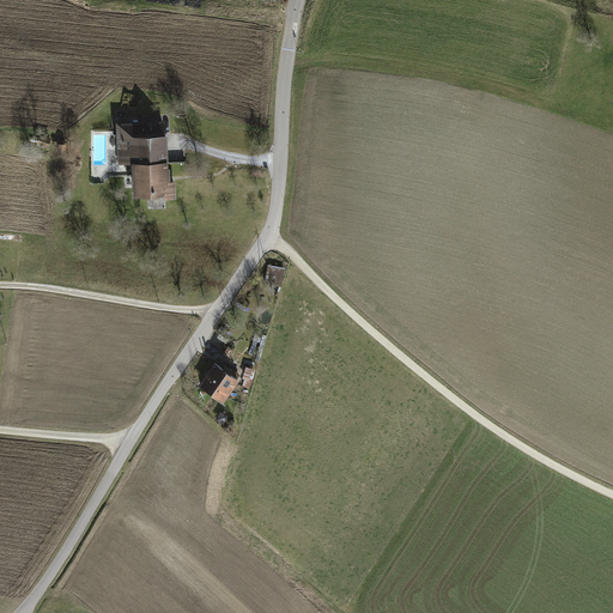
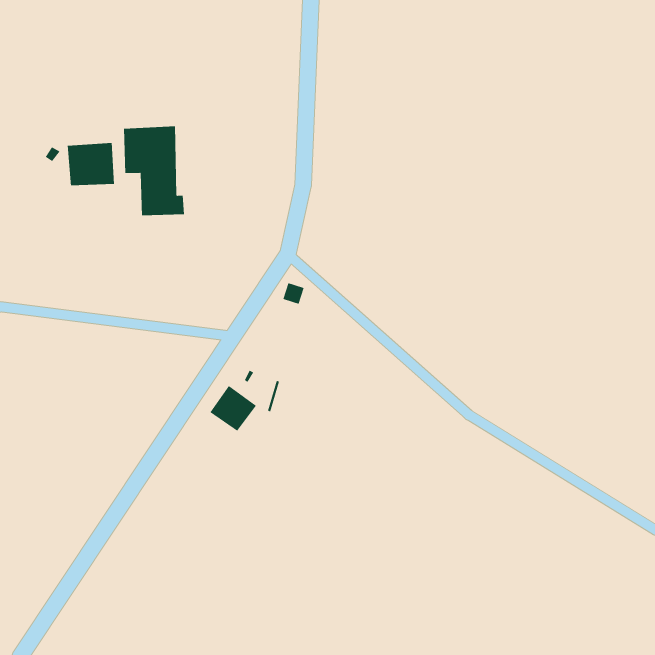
building: none -> [67,142,115,186]

